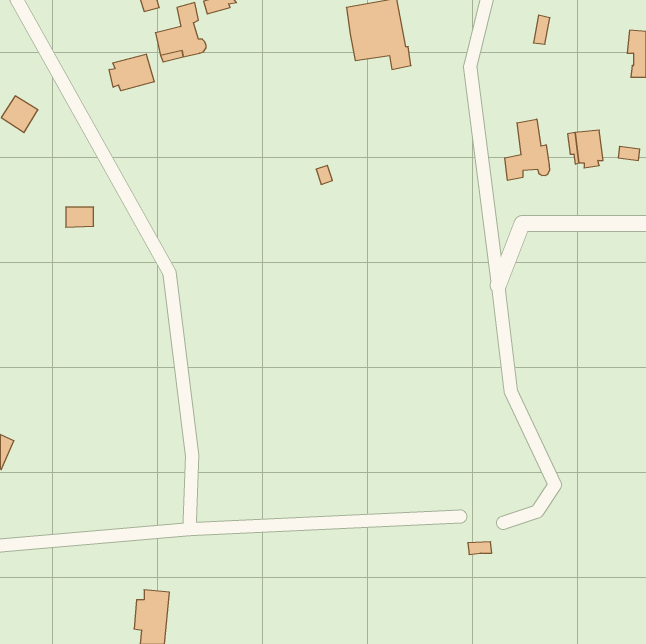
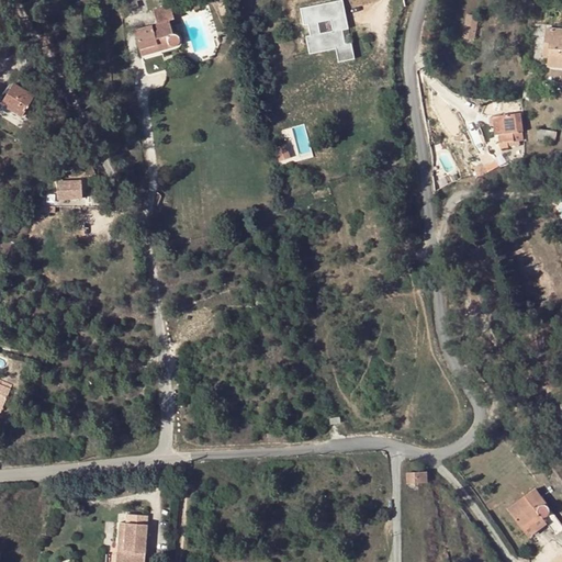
building: [109,54,154,91] -> none
building: [505,119,550,180] -> none
building: none -> [508,488,555,536]

